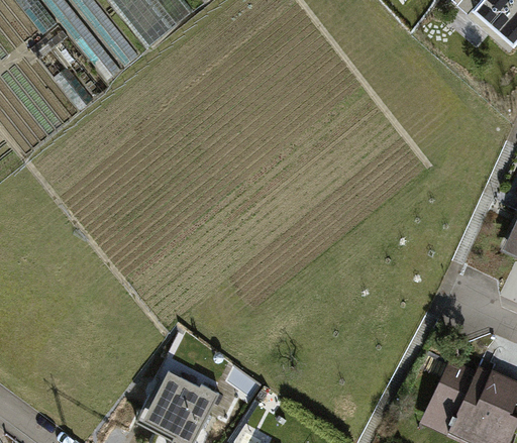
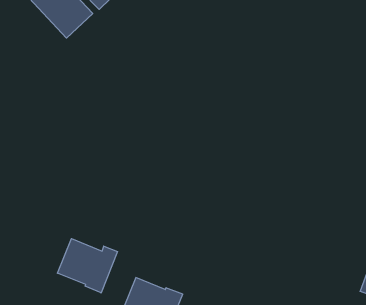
building: none -> [57,239,117,293]

